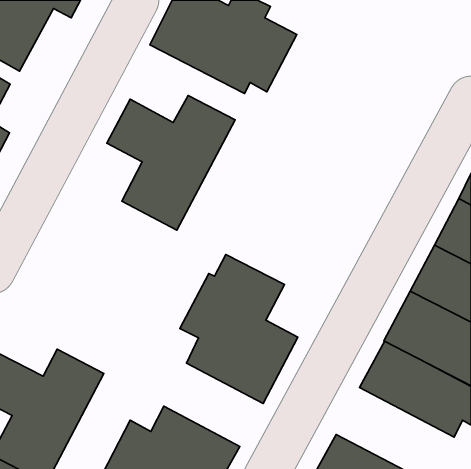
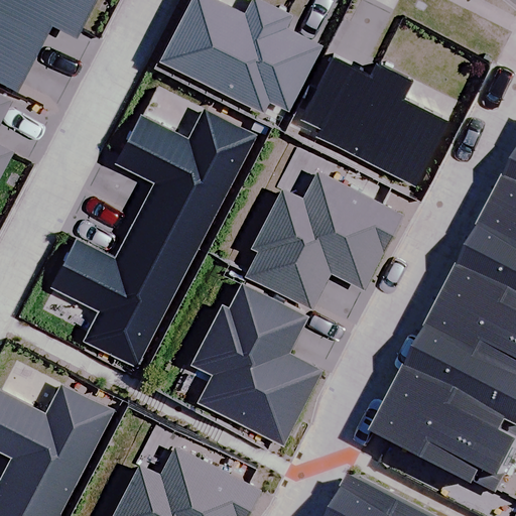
building: none -> [305,53,446,183]
building: none -> [247,171,402,308]
building: none -> [51,227,190,368]

